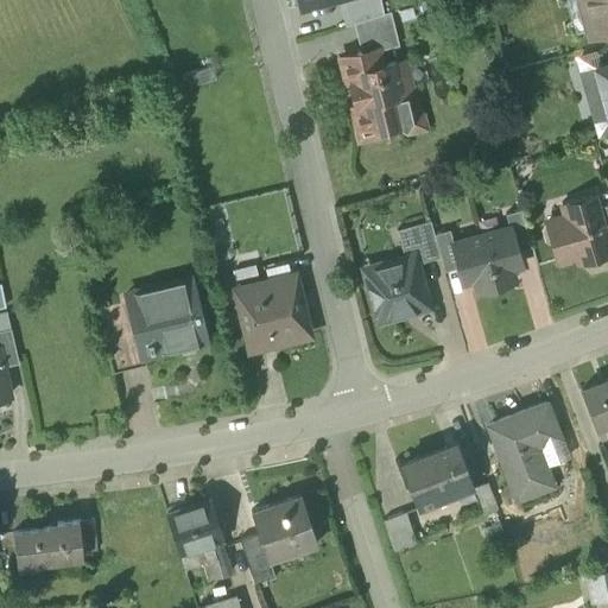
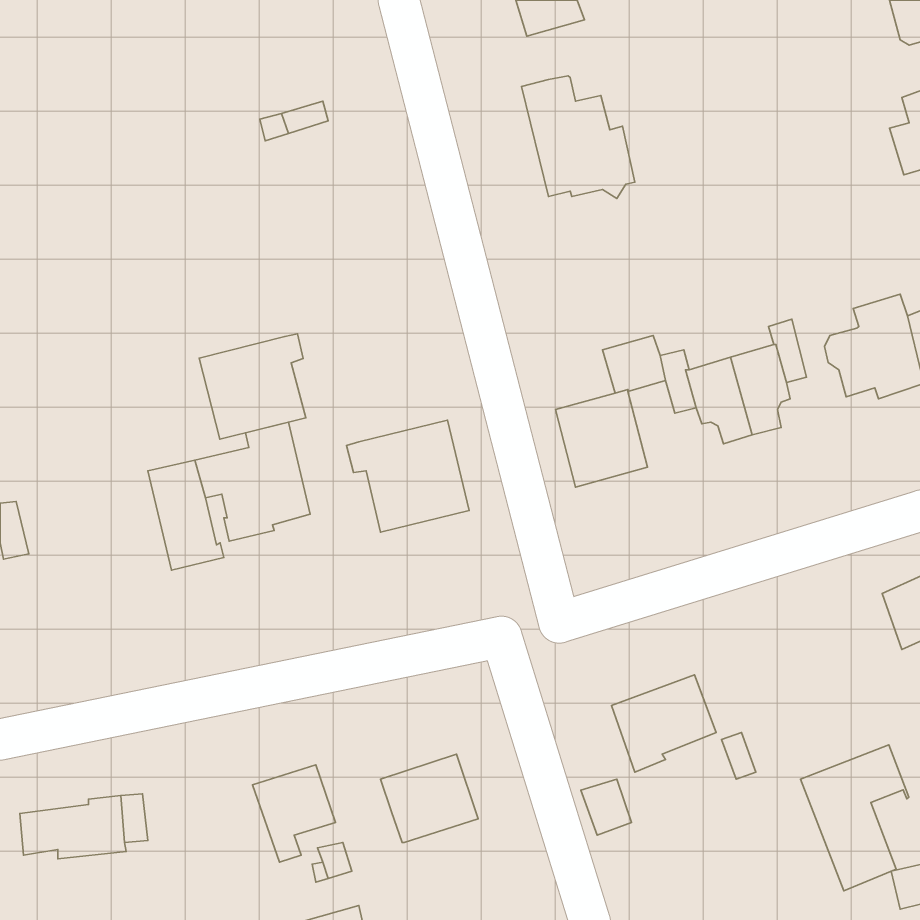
building: [355,13,400,53] -> none
building: none -> [199,334,306,439]
building: [489,405,560,501] -> [800,745,909,891]
building: [240,536,272,576] -> none

